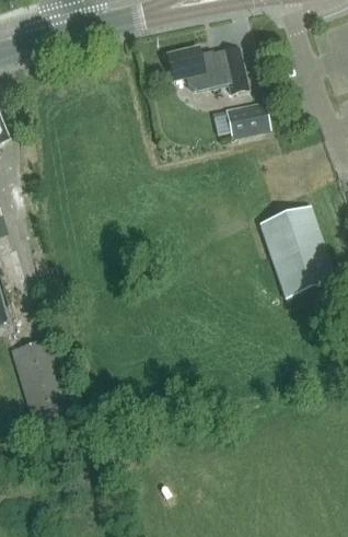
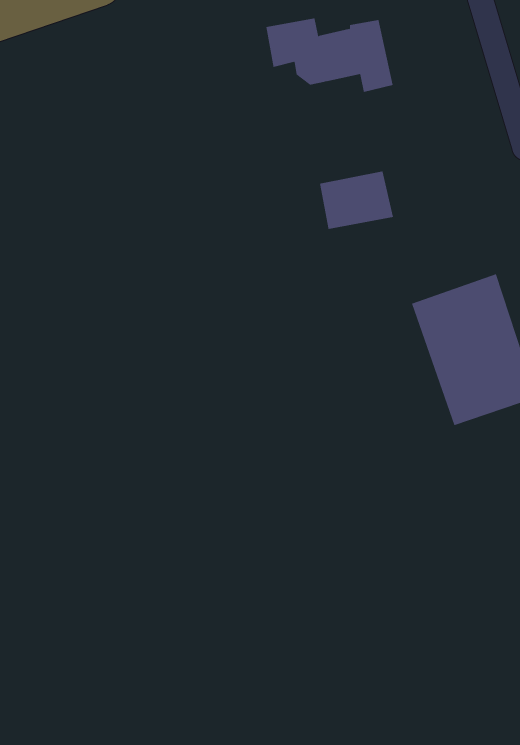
building: [224,101,270,137] -> [319,171,394,229]
building: [11,339,69,427] -> none

